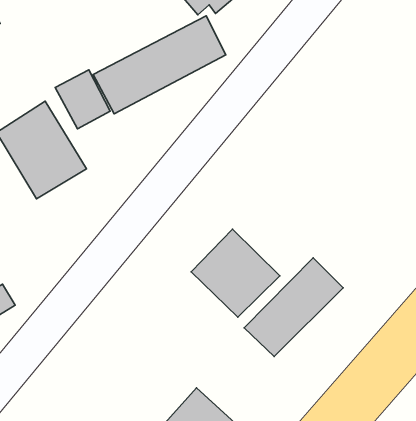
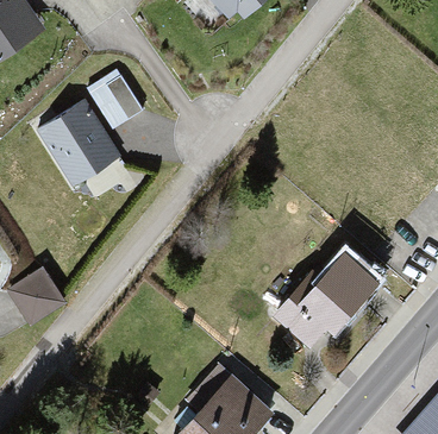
building: [93,16,226,114] -> none
building: [191,229,280,317] -> none

